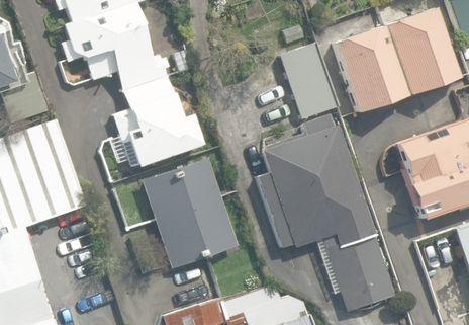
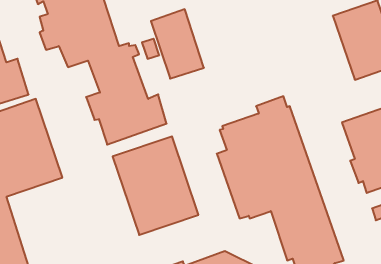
building: [333,27,408,113] -> none
building: [280,43,339,119] -> [151,9,204,79]

